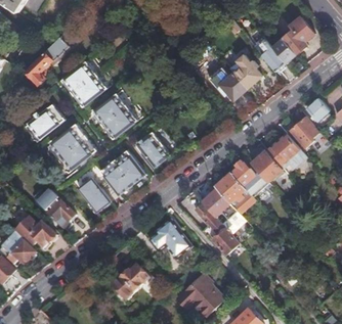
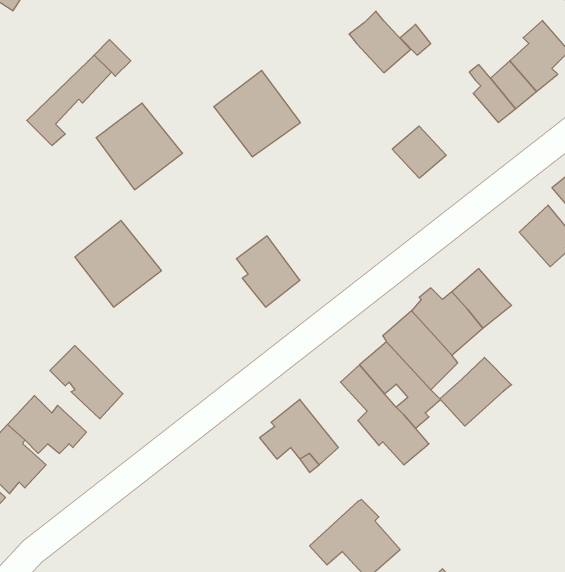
building: [229,56,262,89] -> [349,11,411,73]
building: [91,93,137,139] -> [214,70,300,157]
building: [28,103,65,138] -> none
building: [265,133,305,166] -> none
building: [99,150,145,195] -> none
building: [77,178,111,213] -> none
building: none -> [440,357,512,426]
building: [111,263,146,298] -> none

